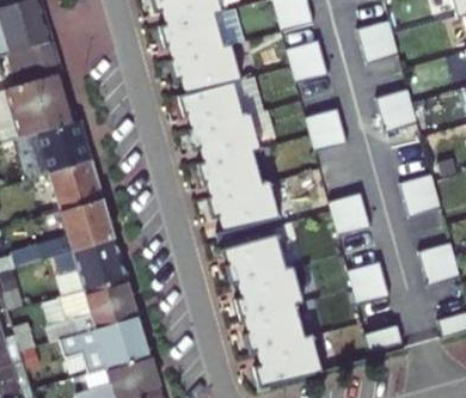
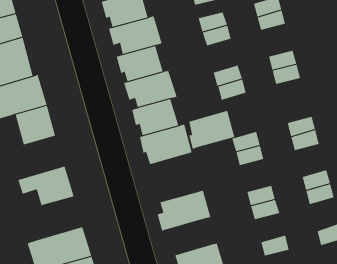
building: [37,200,115,258] -> none
building: [223,237,283,287] -> [188,110,235,149]
building: [55,277,137,333] -> none
building: [241,306,302,355] -> none

